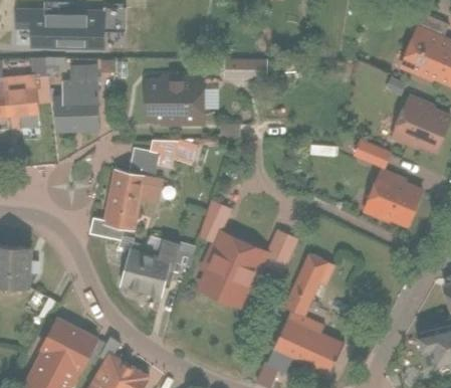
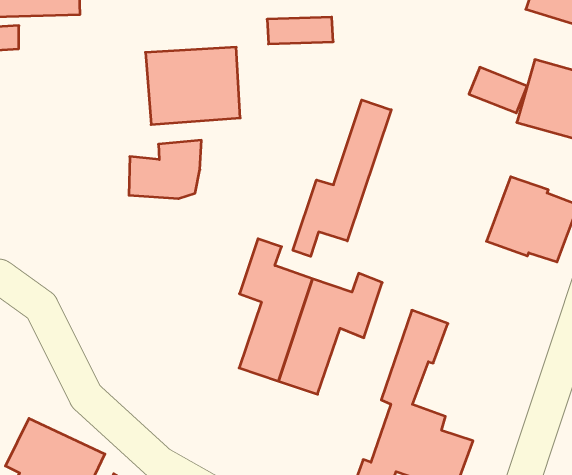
building: [56,63,101,132] -> none
building: none -> [293,100,391,256]
building: [352,140,390,171] -> [469,67,527,113]
building: [104,169,163,236] -> none
building: [117,233,182,298] -> none

